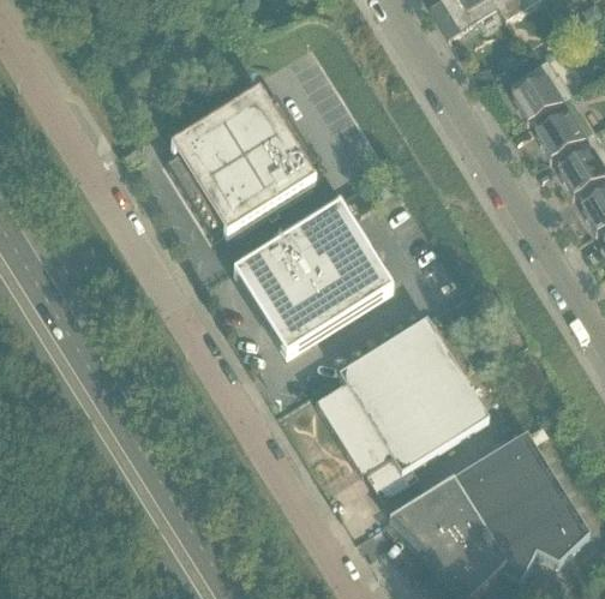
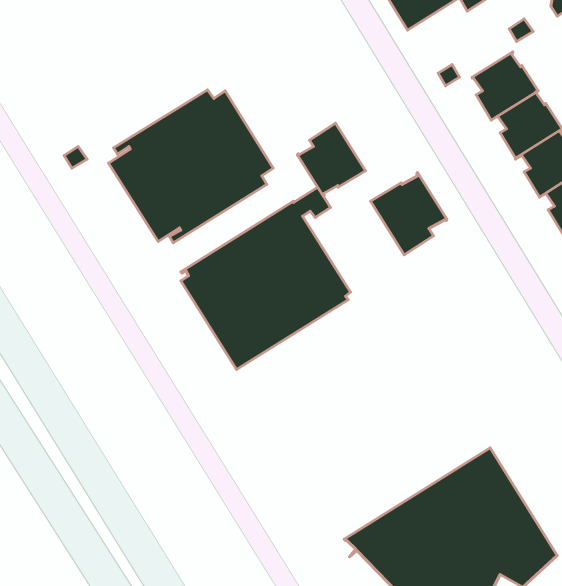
building: none -> [298,123,366,196]
building: none -> [370,173,447,255]
building: [313,318,486,499] -> none

